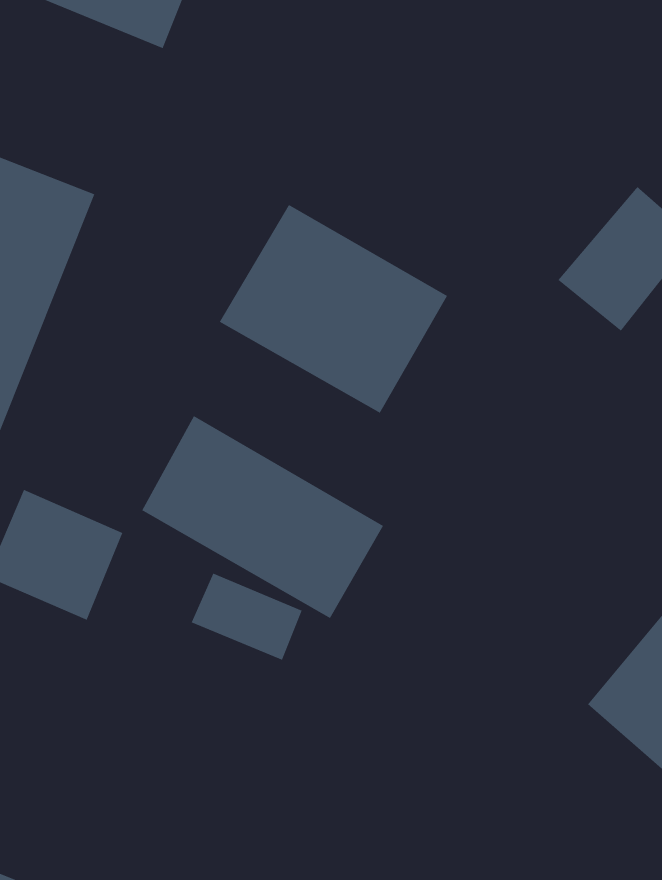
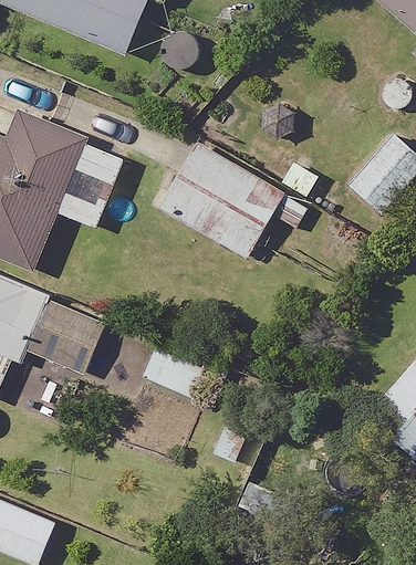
building: [142,415,384,619] -> none

